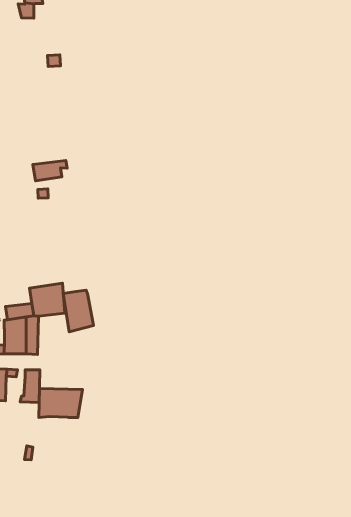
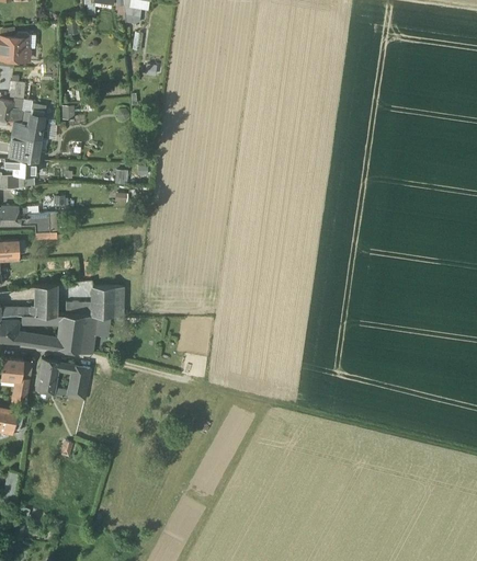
building: [63,290,93,332] -> none
building: [39,389,82,418] -> none

